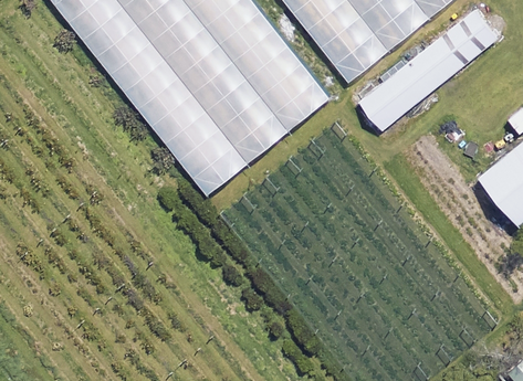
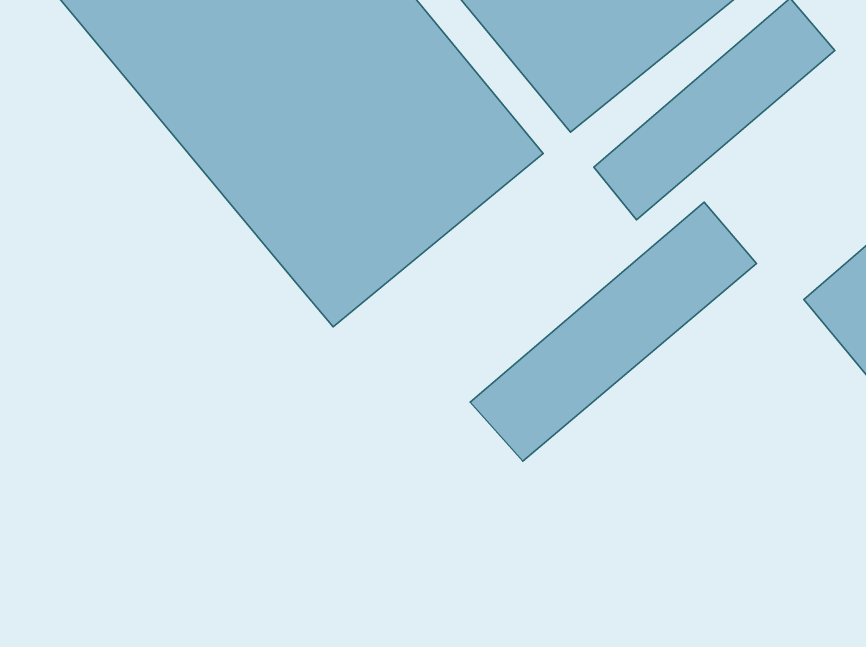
building: none -> [470,202,757,461]

